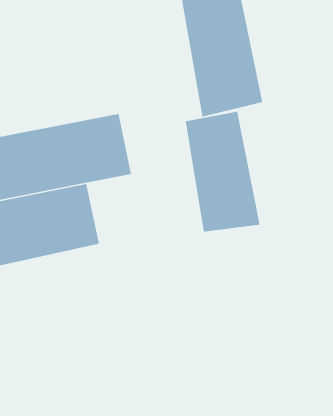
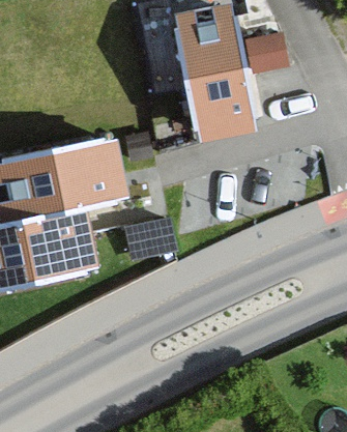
building: [185,111,260,233] -> none

